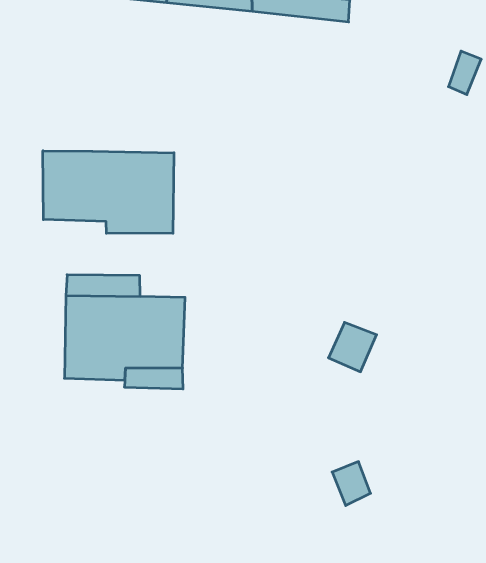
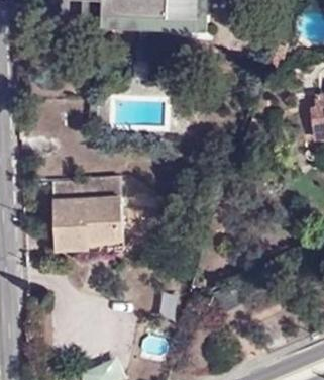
building: [43,151,174,233] -> none

